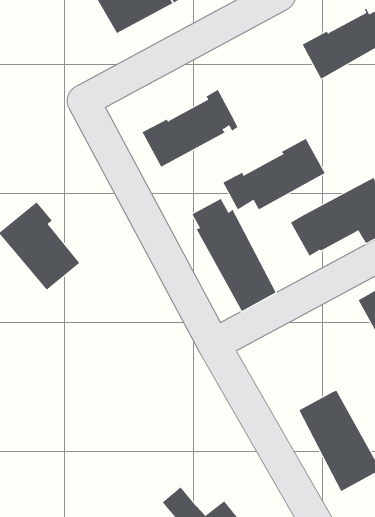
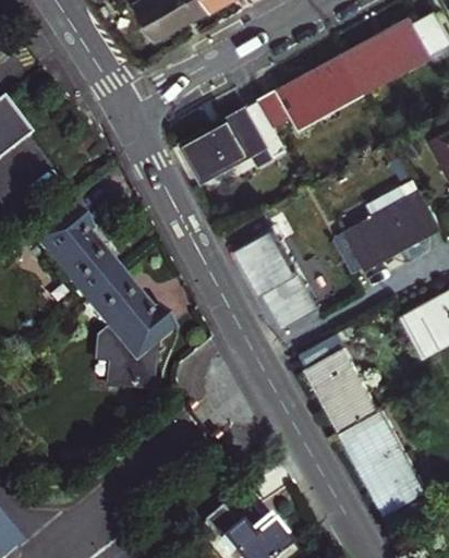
building: [223,138,325,210] -> [260,51,366,125]
building: none -> [84,276,172,390]
building: none -> [303,332,379,427]

